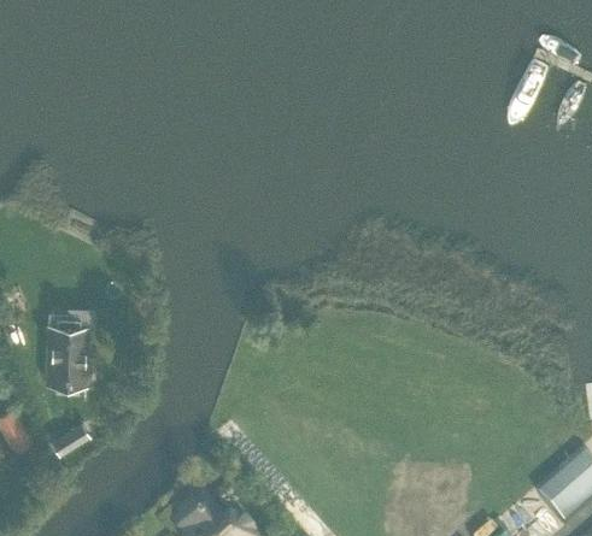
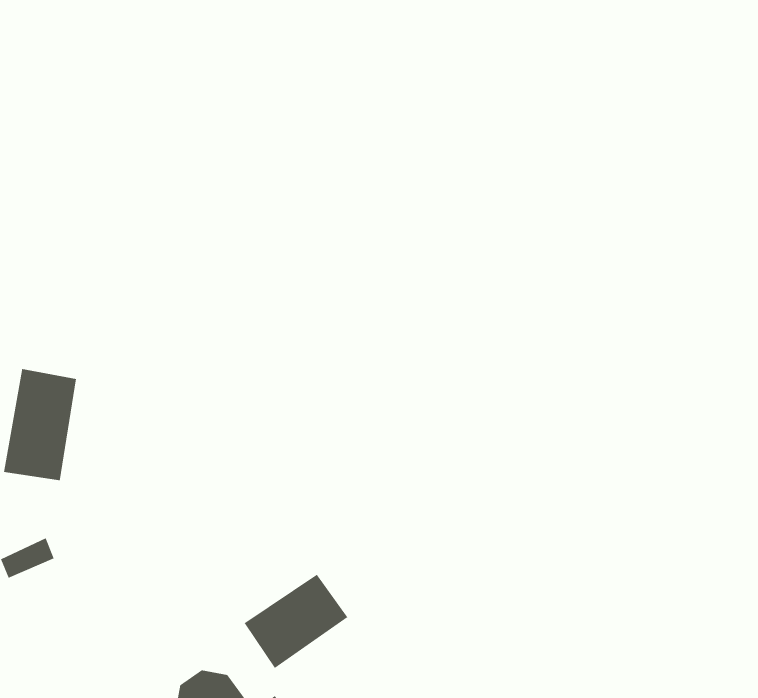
building: none -> [244,574,348,669]

